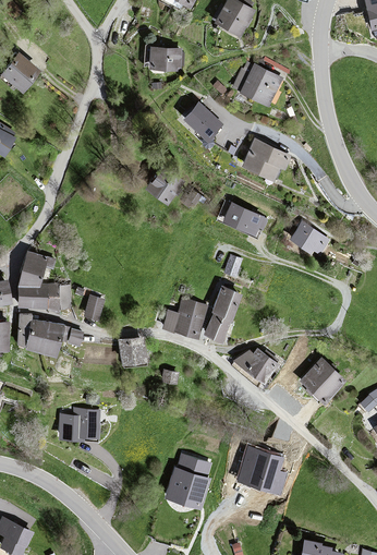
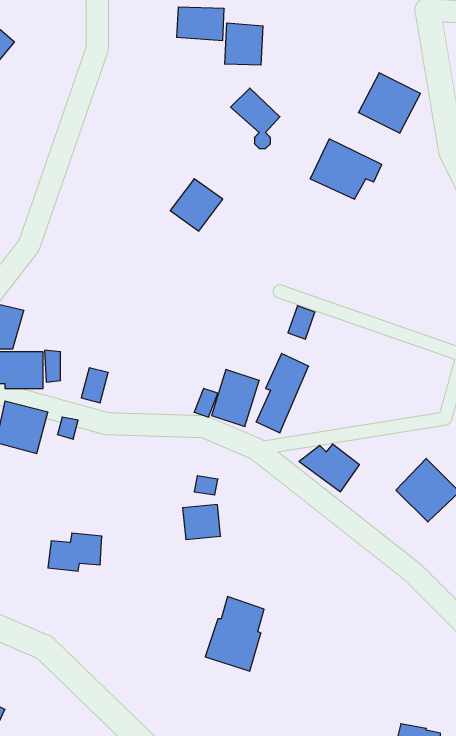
building: none -> [225,23,263,65]
building: [240,64,282,106] -> [358,73,420,133]
building: [226,202,268,230] -> none
building: [290,221,328,257] -> none
building: [117,337,143,361] -> [183,505,221,539]
building: [242,453,283,487] -> none

